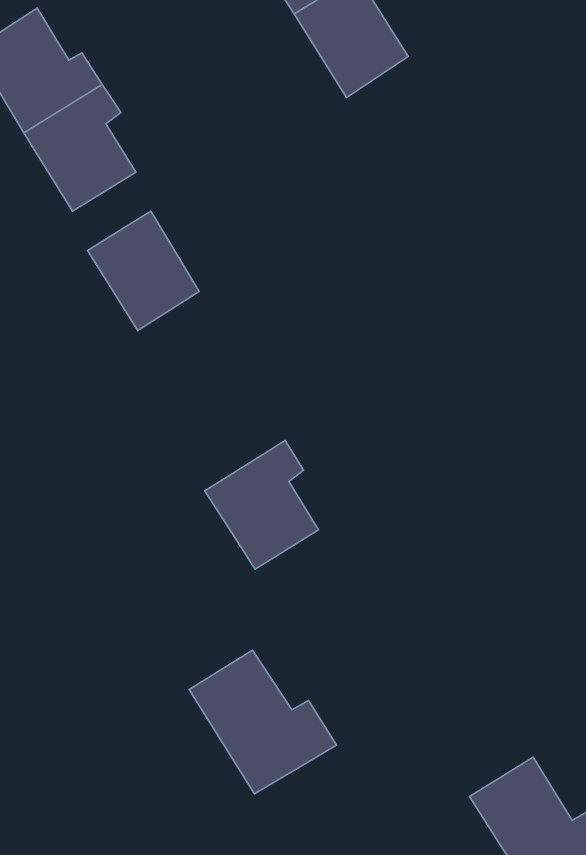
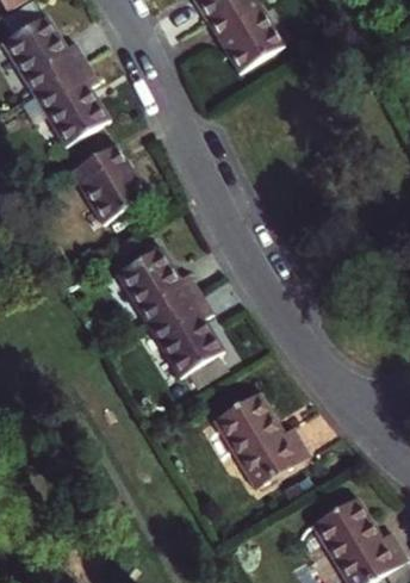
building: none -> [114,248,199,325]
building: [189,650,336,794] -> [222,391,316,483]

